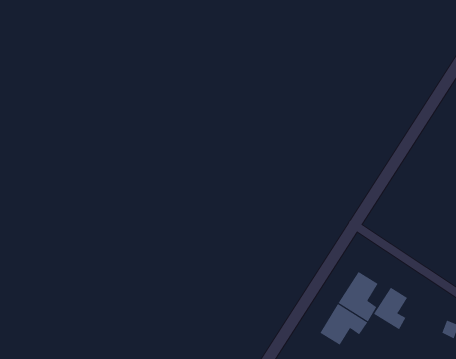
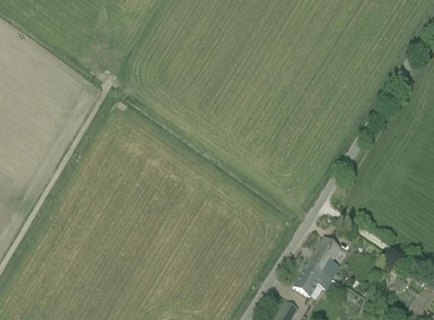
building: [373,287,408,330] -> none

